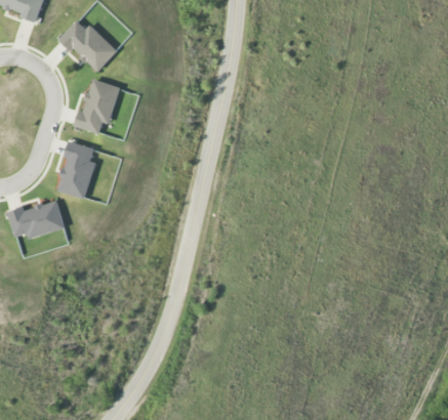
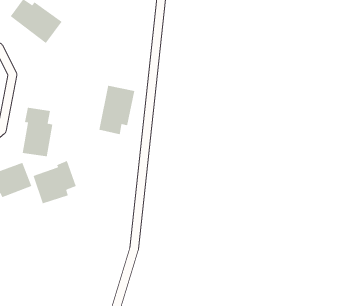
building: [76,78,121,134] -> [99,85,135,135]
building: none -> [33,160,77,204]

